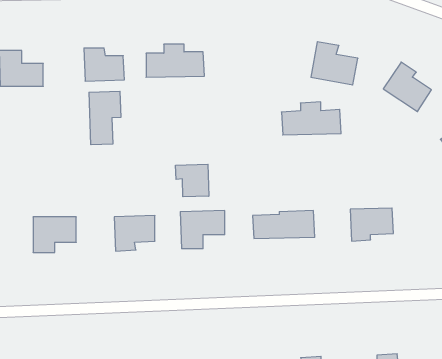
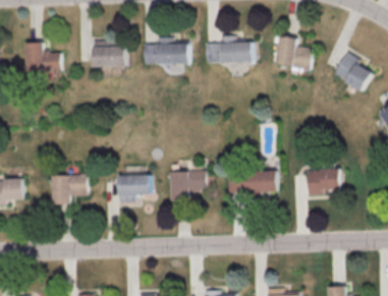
building: [89,91,121,145] -> none
building: [281,102,341,135] -> [205,36,253,62]
building: [176,164,209,197] -> none

